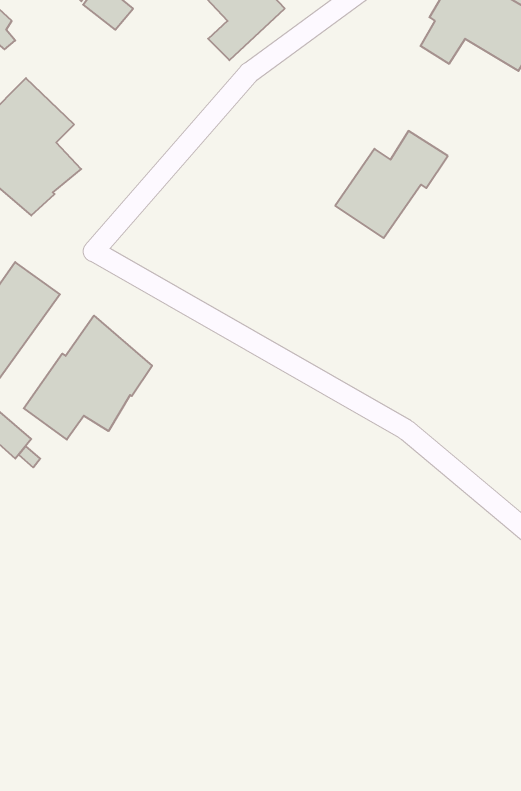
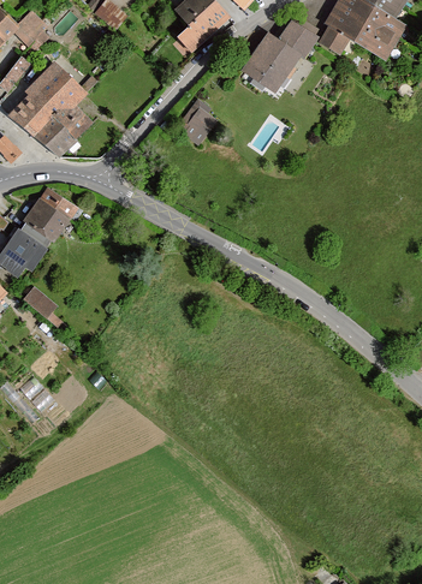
building: [335,131,448,238] -> [242,19,317,91]
building: none -> [183,105,215,136]
building: [24,316,152,440] -> none

